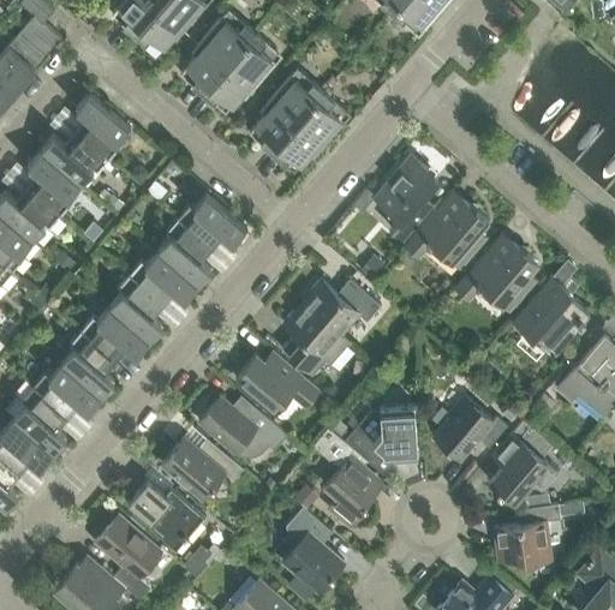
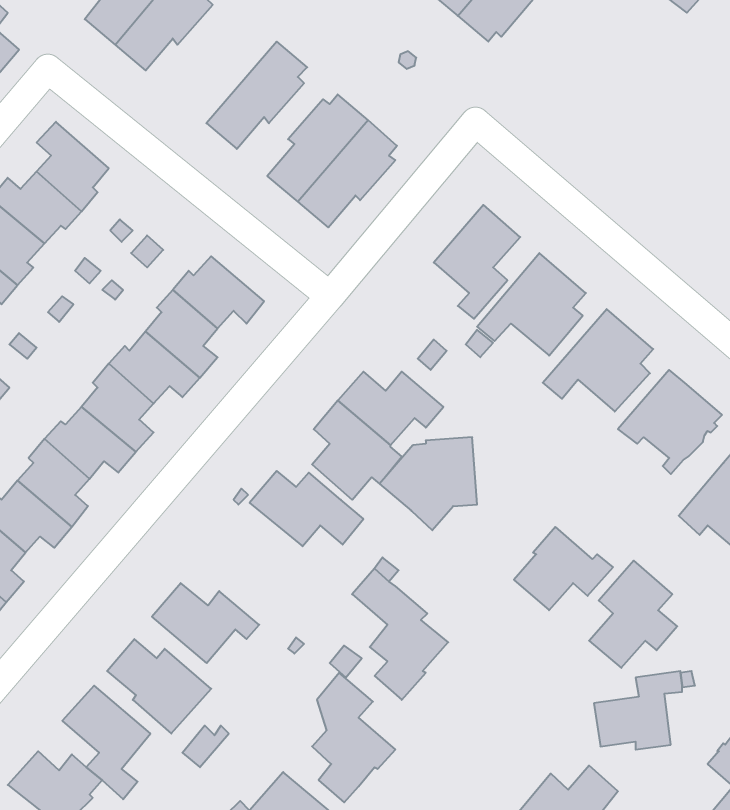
building: [180,13,256,94] -> none
building: [198,396,287,459] -> none
building: [345,406,418,476] -> [379,437,477,530]

